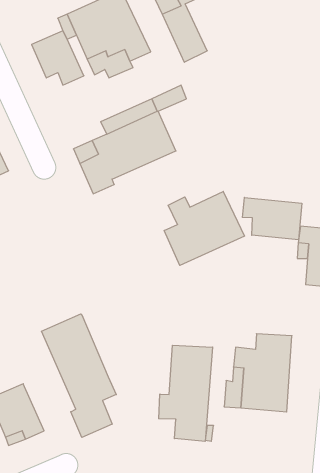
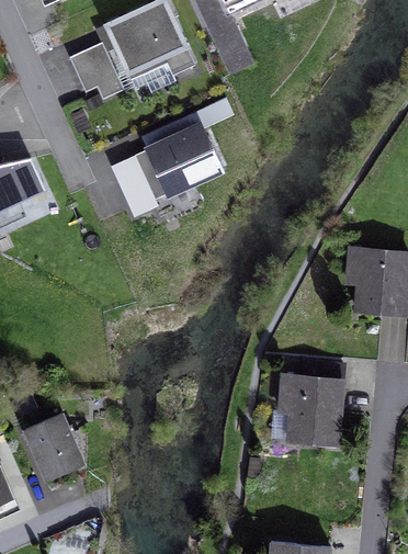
building: [164,191,245,265] -> none
building: [242,197,302,240] -> none
building: [41,314,116,437] -> none
building: [159,345,213,441] -> none

